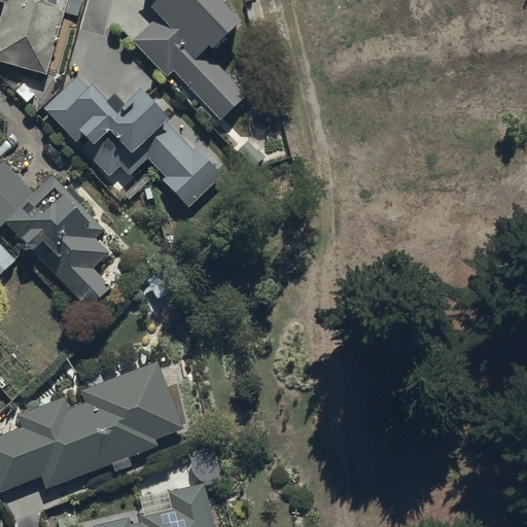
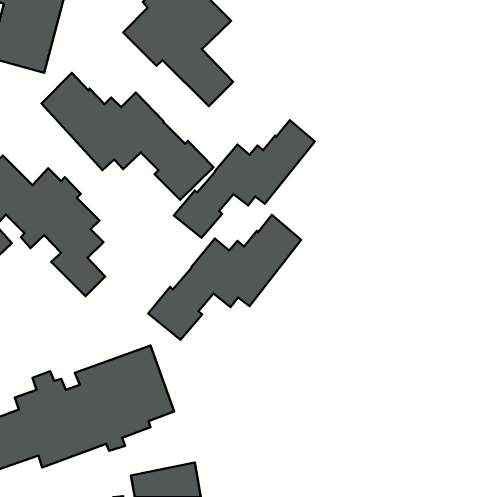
building: none -> [174,120,315,238]
building: none -> [148,215,301,340]

